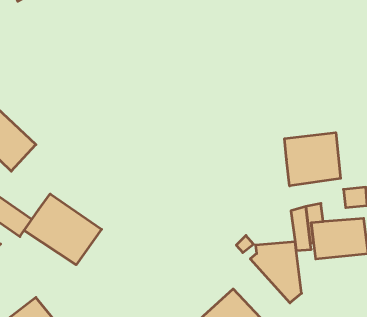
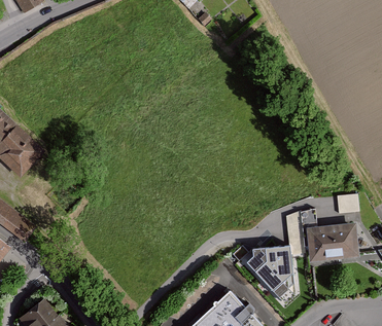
building: [285,133,341,186] -> none
building: [24,194,102,265] -> none

